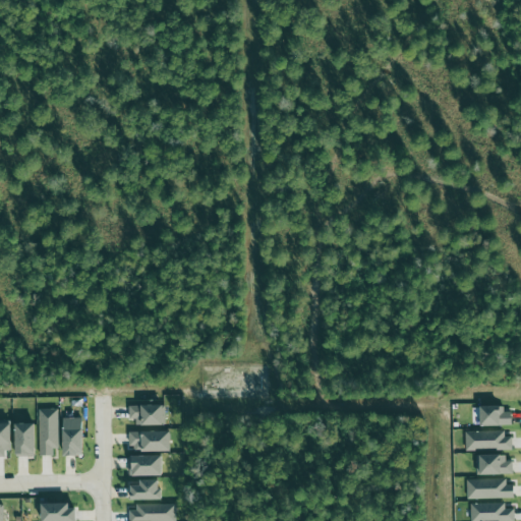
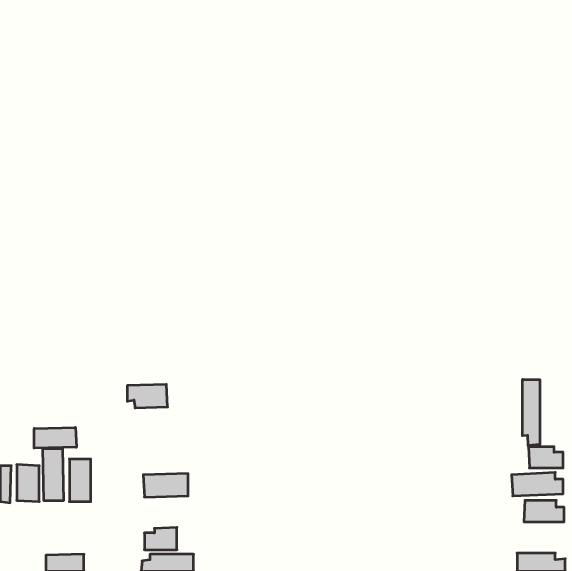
building: none -> [522,379,540,445]
building: none -> [34,427,76,448]
building: [129,404,166,425] -> [127,384,168,408]
building: [132,456,163,476] -> none
building: [467,478,514,499] -> none

